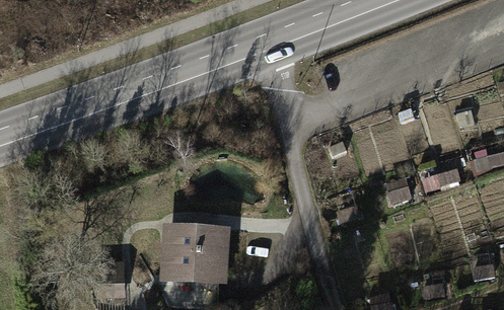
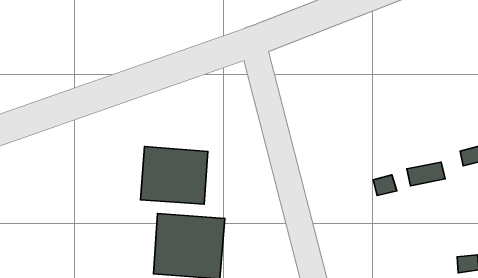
building: none -> [140,146,208,204]

